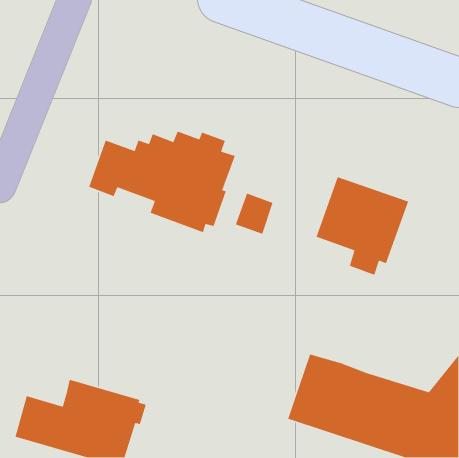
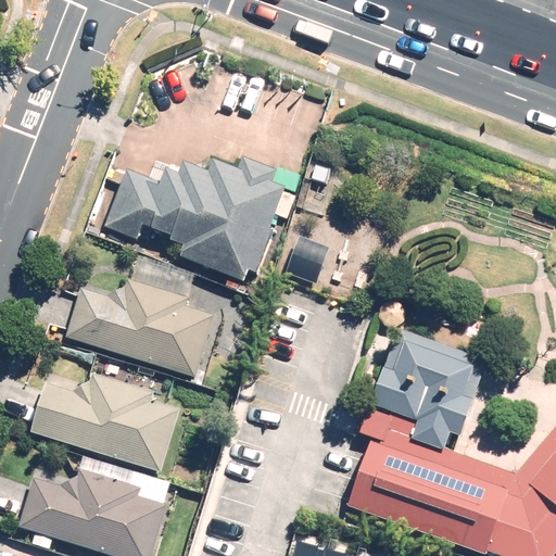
building: [316,176,409,276] -> [371,329,484,450]
building: none -> [64,255,215,382]
building: none -> [28,371,179,473]

